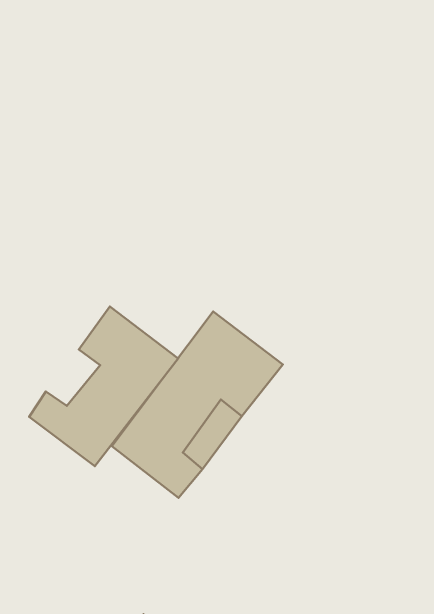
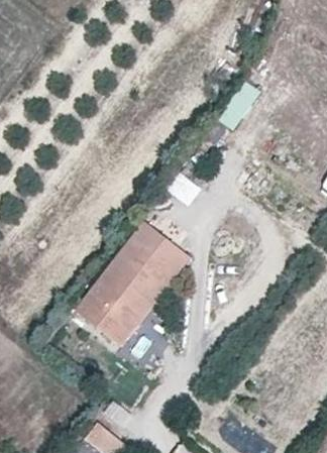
building: [29,307,178,466] -> none

